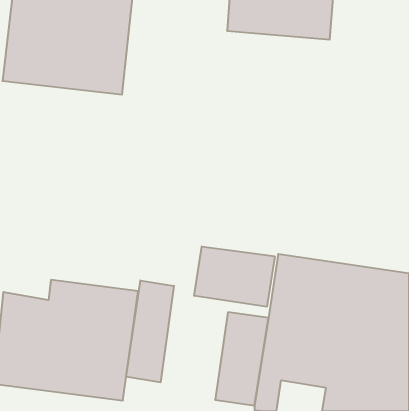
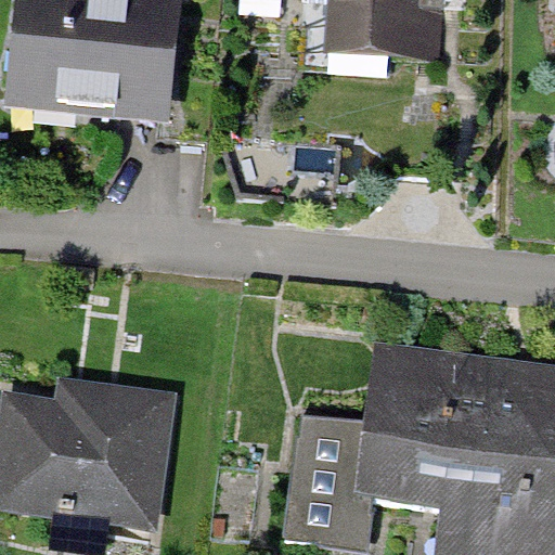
building: [194,246,275,307] -> none
building: [126,280,174,382] -> none

